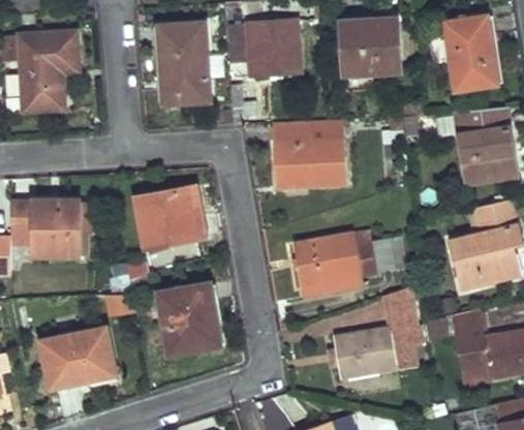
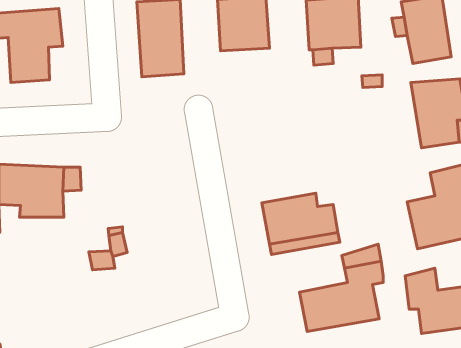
building: [273,120,345,189] -> none
building: [134,188,198,247] -> none
building: [158,284,220,352] -> none
building: [38,328,115,386] -> none

